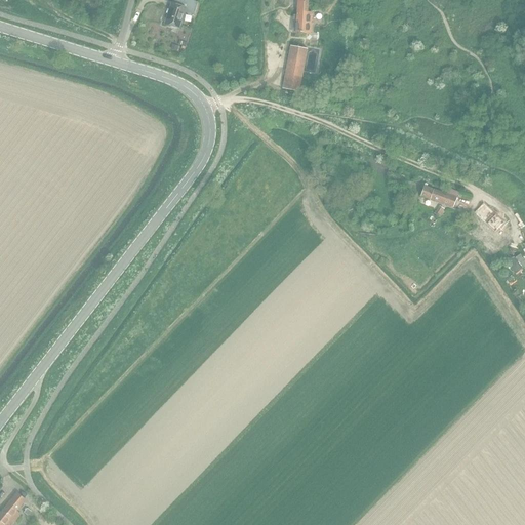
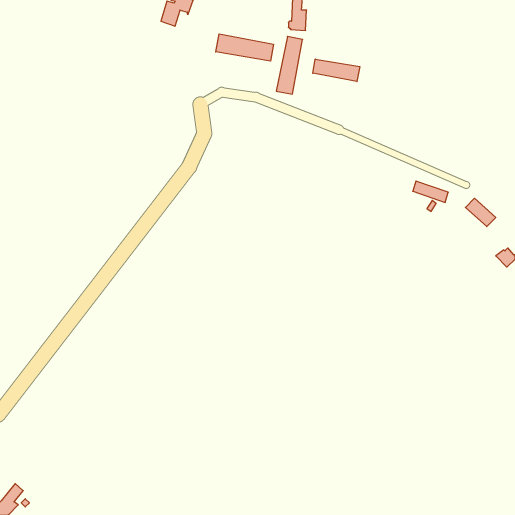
building: none -> [216,34,273,61]
building: none -> [313,59,360,82]

